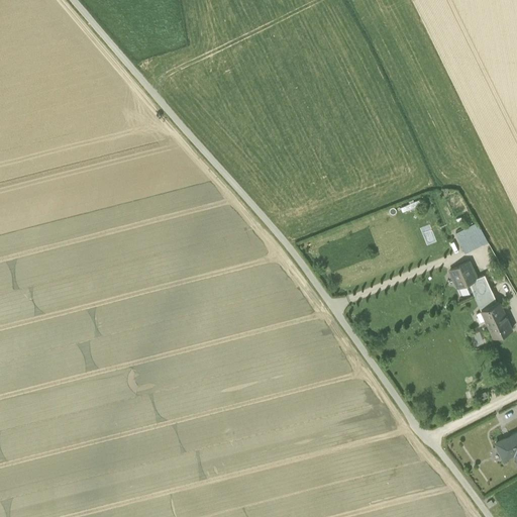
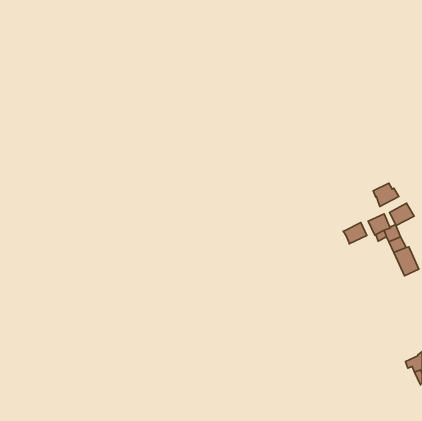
building: none -> [389,203,414,226]
building: none -> [343,223,367,244]

